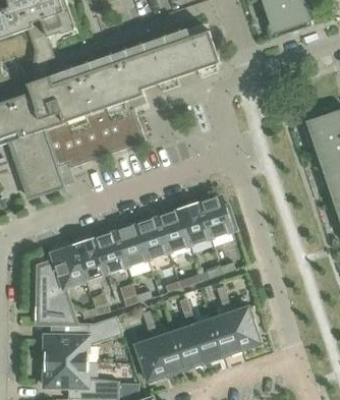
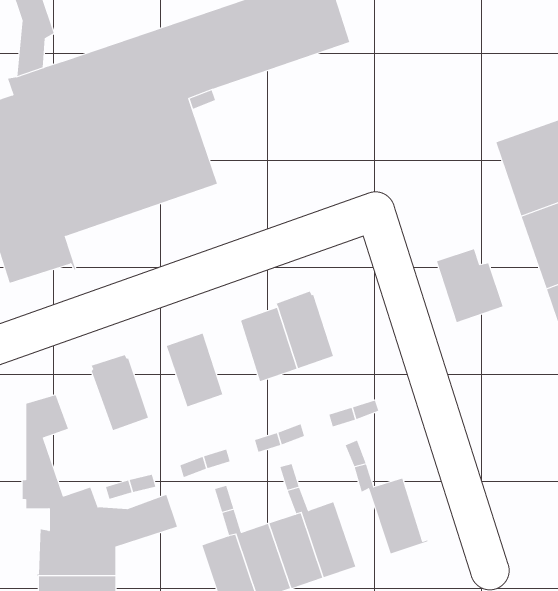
building: [200,195,237,237] -> [436,248,503,323]
building: [137,216,169,259] -> none
building: [96,230,128,272] -> none
building: [48,245,87,316] -> none
building: [211,311,242,357] -> none

